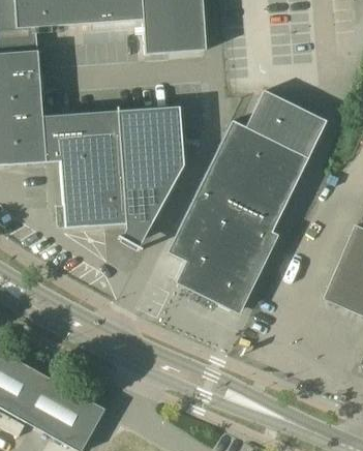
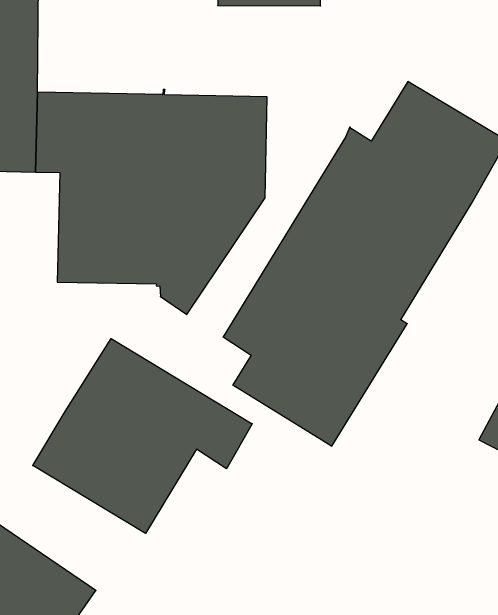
building: none -> [33,339,252,533]

